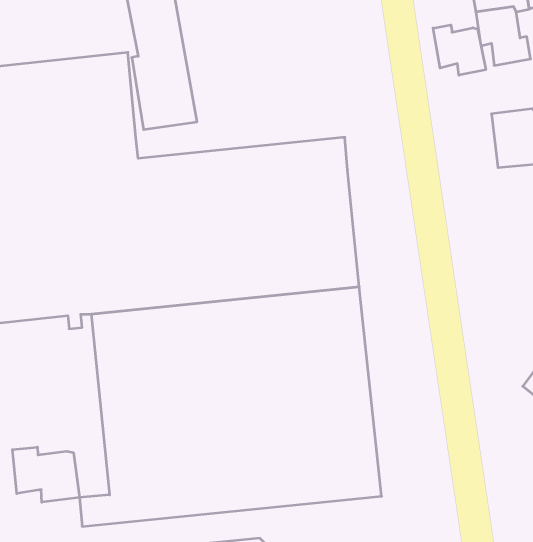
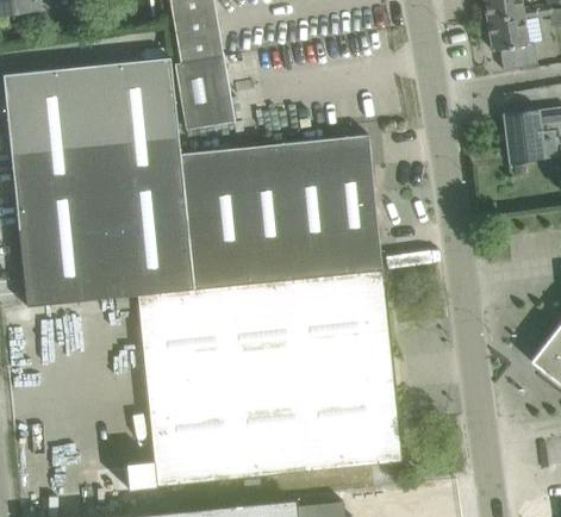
building: [433,25,486,75] -> none
building: [12,447,79,502] -> none

